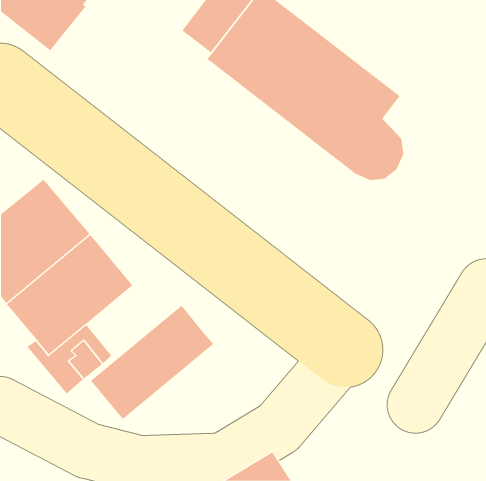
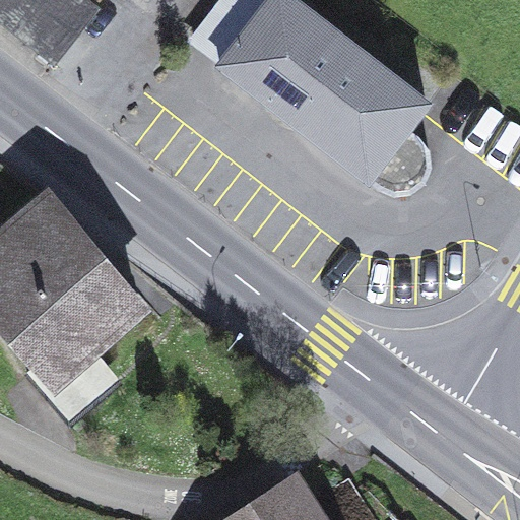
building: [90,305,214,420] -> none

